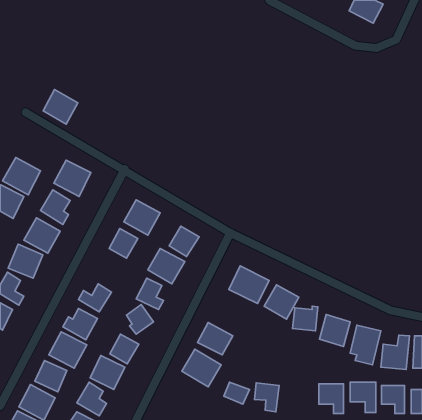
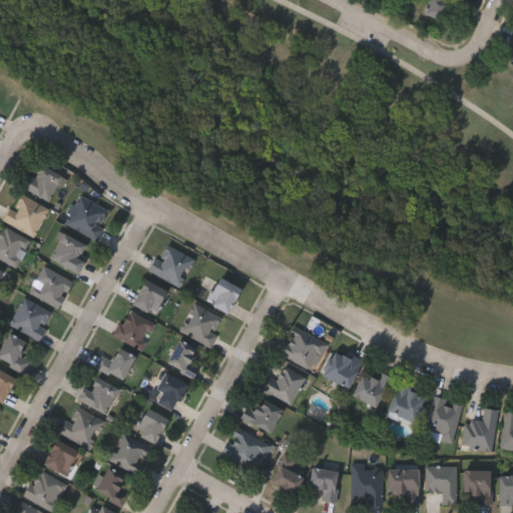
building: [43,89,78,124] -> [22,161,64,203]
building: none -> [113,310,155,351]
building: none -> [258,367,307,405]
building: none -> [351,464,382,504]

